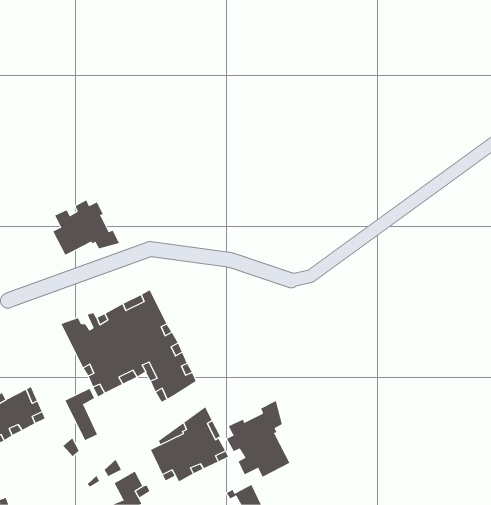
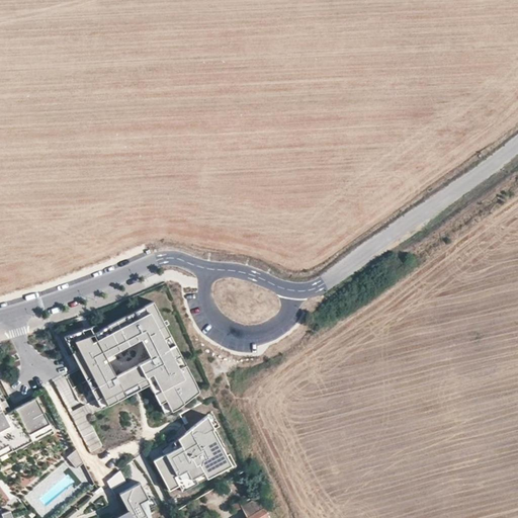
building: [53,199,120,256] -> none
building: [226,400,290,478] -> none

